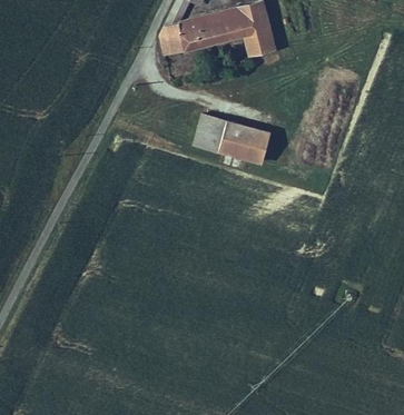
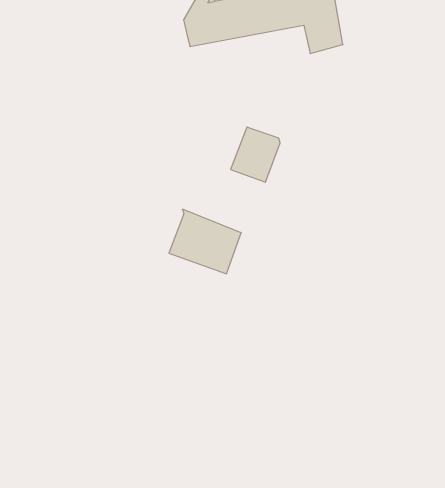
building: [223,120,274,165] -> [169,209,241,274]

